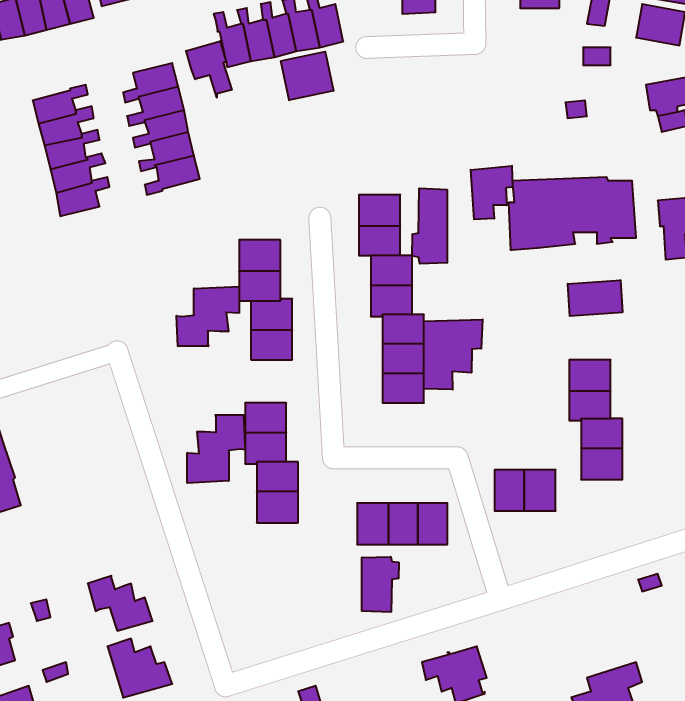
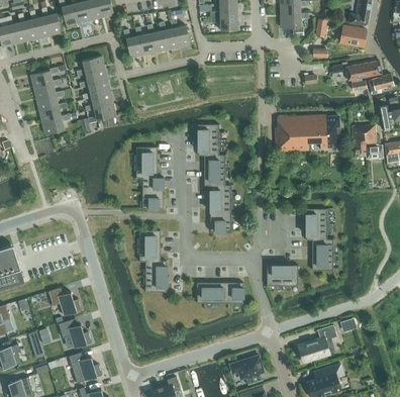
building: [186,41,232,98] -> none
building: [281,52,333,100] -> none
building: [471,166,512,219] -> none
building: [412,188,447,264] -> none
building: [568,280,622,316] -> none
building: [176,286,239,346] -> none
building: [424,319,483,390] -> none
building: [187,415,245,483] -> none
building: none -> [48,287,81,315]
building: [362,557,399,612] -> none
building: none -> [298,324,337,362]

